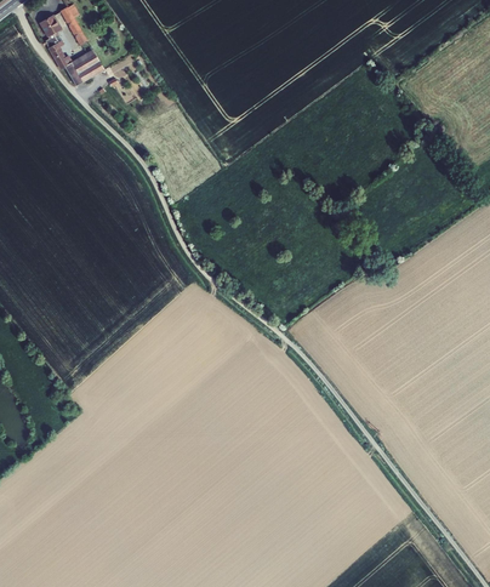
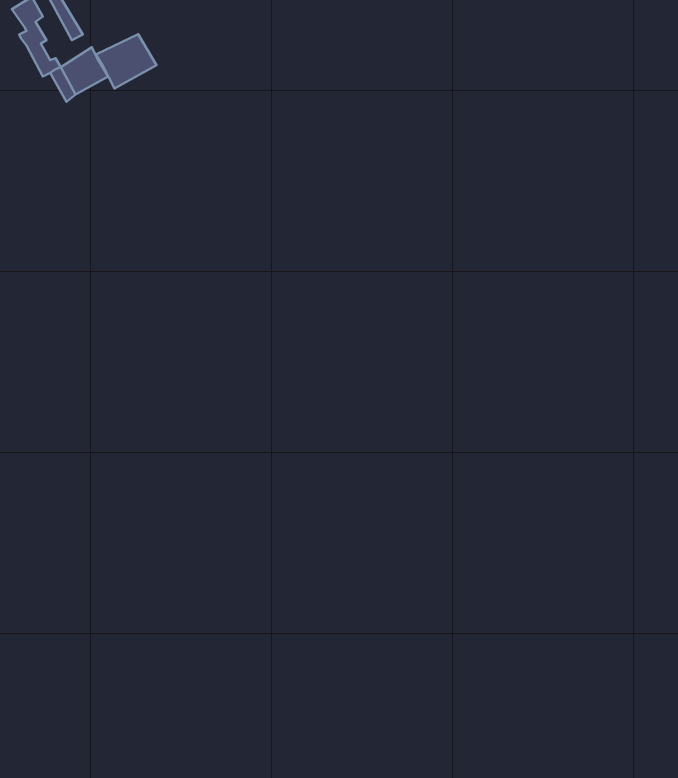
building: none -> [96,34,156,88]

